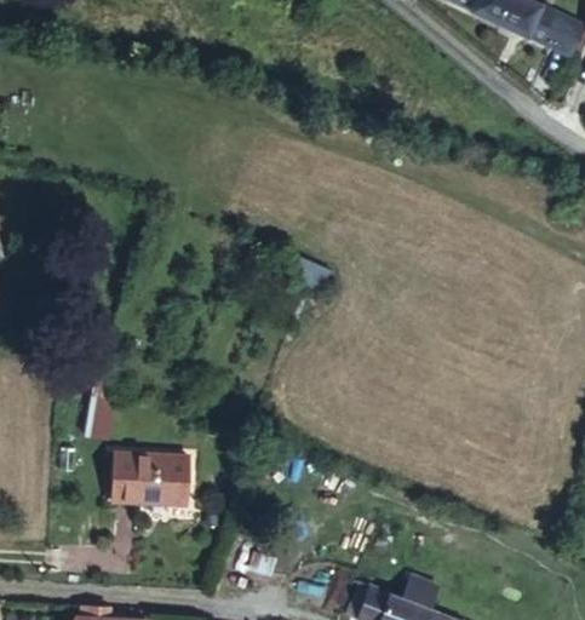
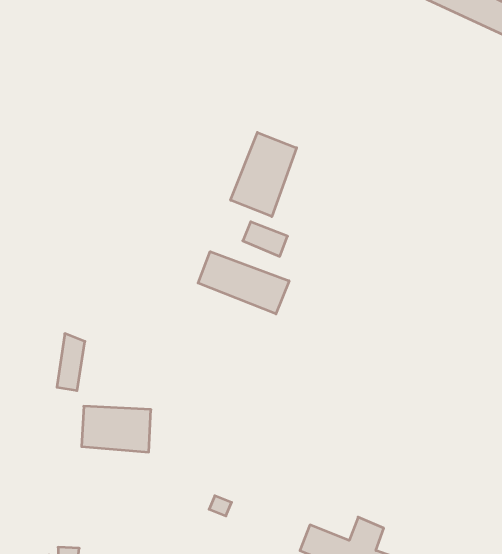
building: none -> [231,132,297,217]
building: none -> [198,252,289,314]

